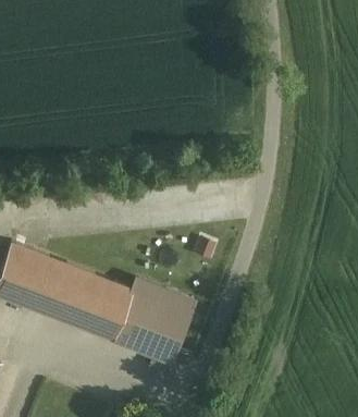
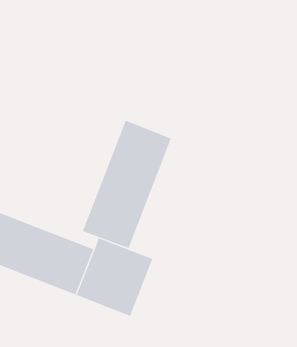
building: none -> [82,120,171,249]

